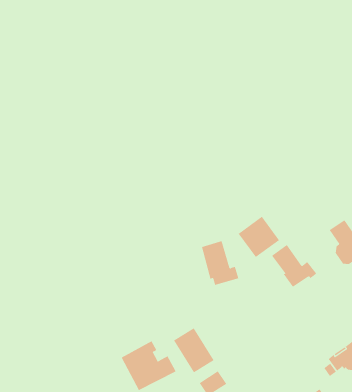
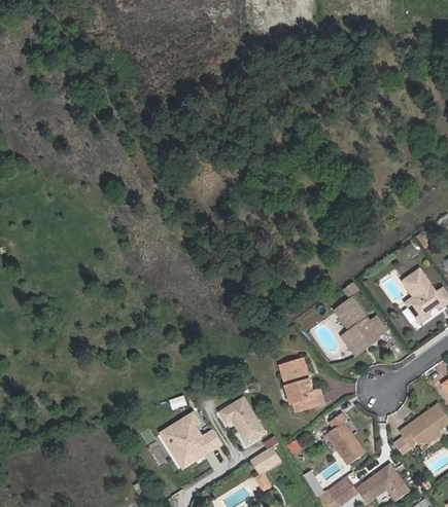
building: [238,216,280,258] -> none
building: [201,241,239,286] -> [279,359,323,411]
building: none -> [326,412,366,464]

